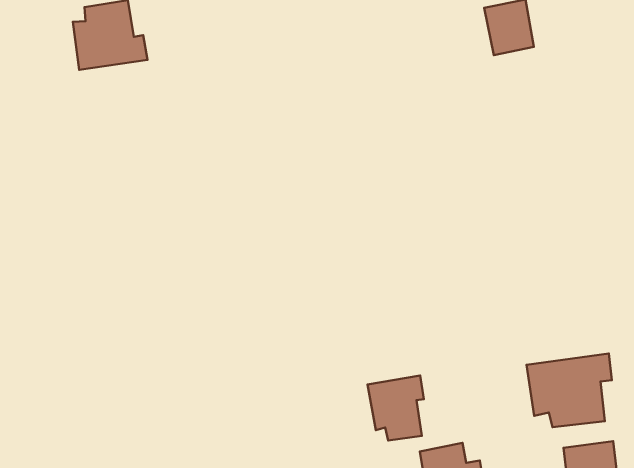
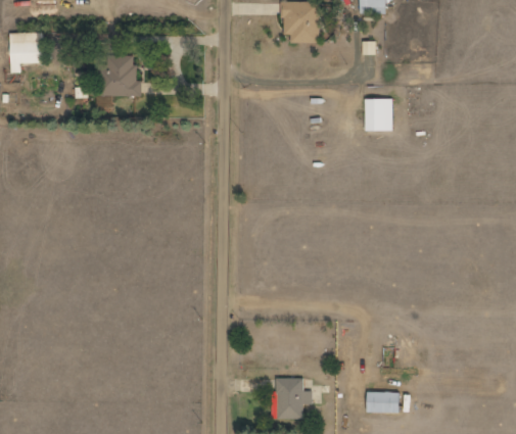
building: [527,354,612,427] -> none
building: [368,376,424,441] -> none

